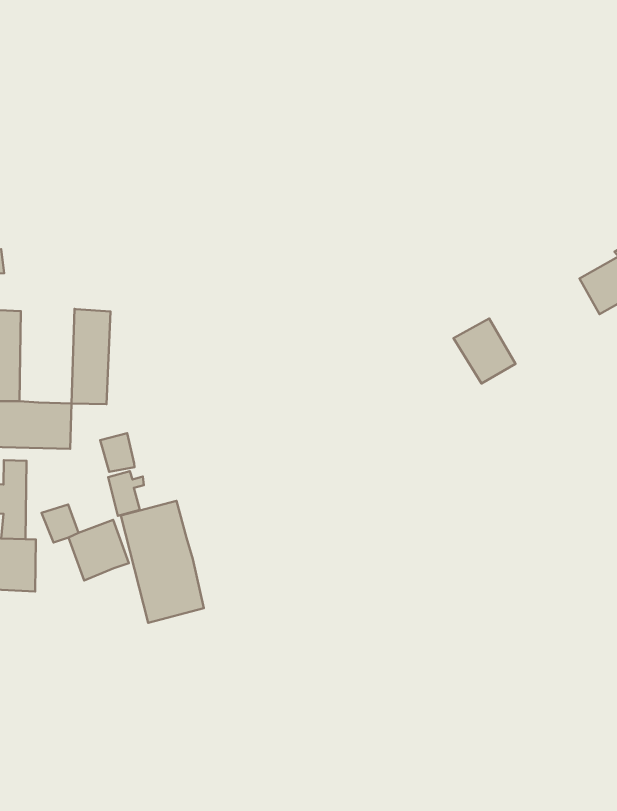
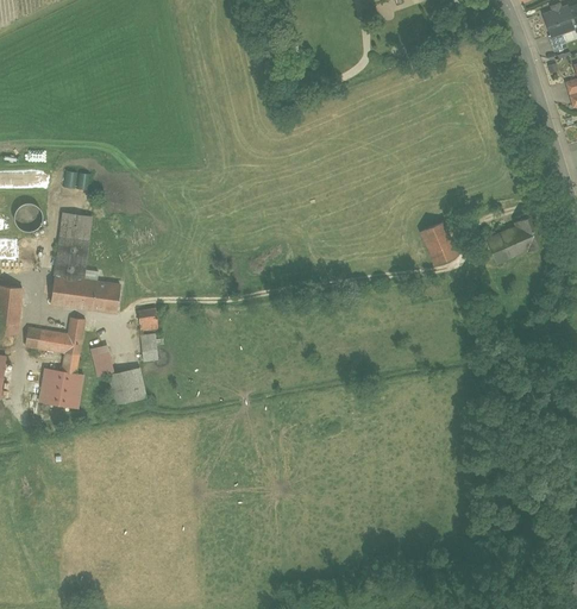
building: [72,309,111,404] -> none
building: [453,318,515,383] -> [413,220,453,264]
building: [121,501,204,623] -> none

